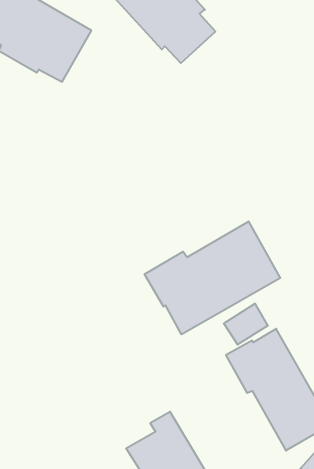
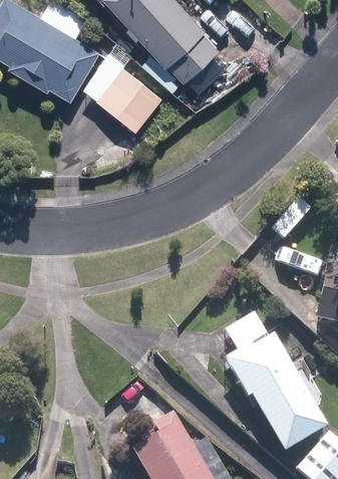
building: none -> [96,65,161,130]
building: [145,221,280,334] -> none

